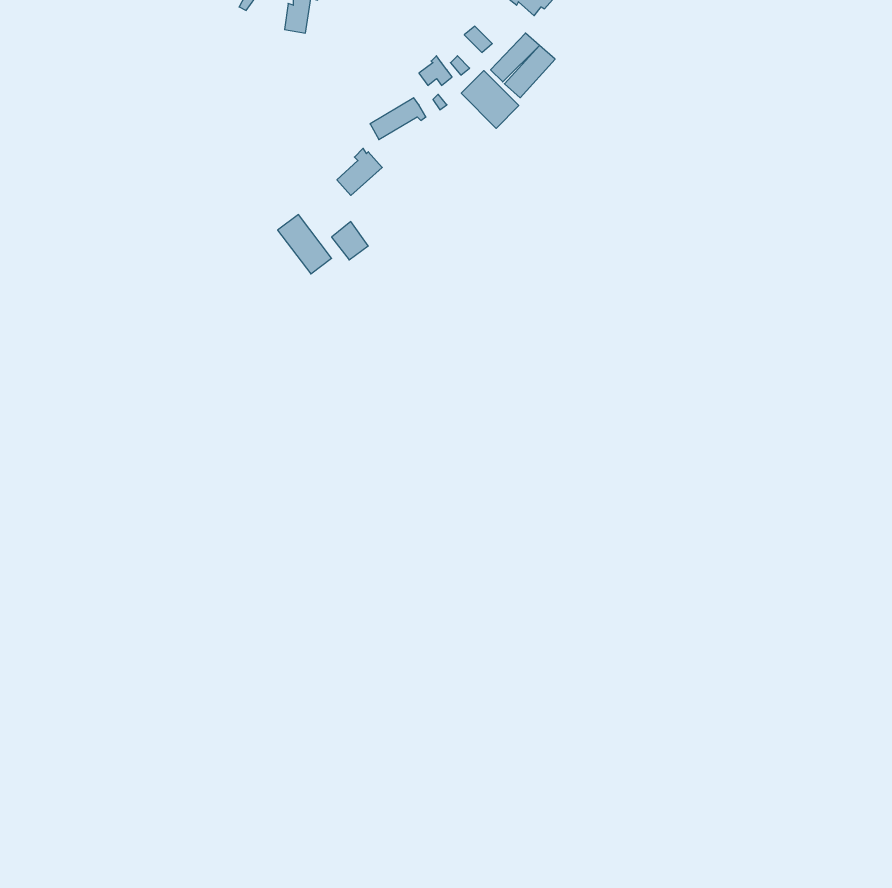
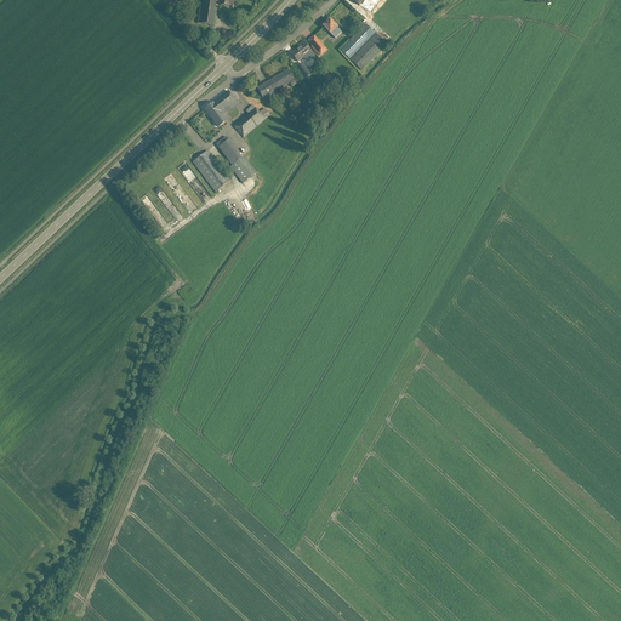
building: [461,71,519,128] -> none
building: none -> [205,89,238,125]

